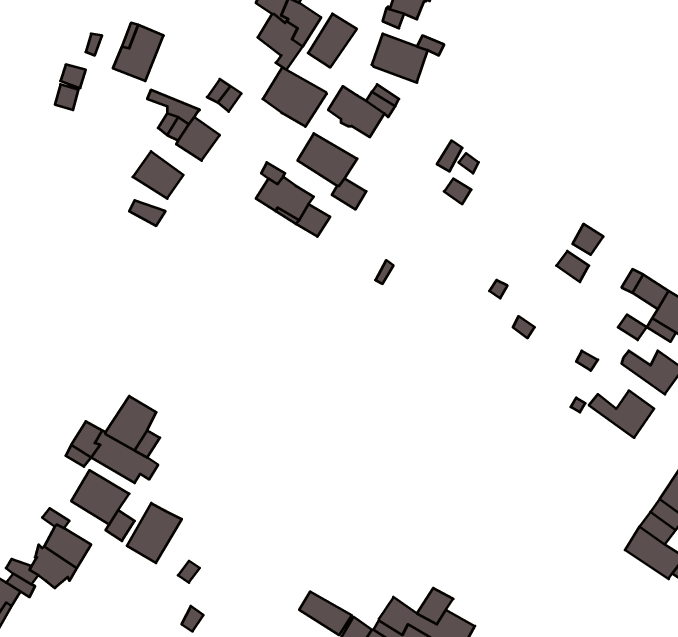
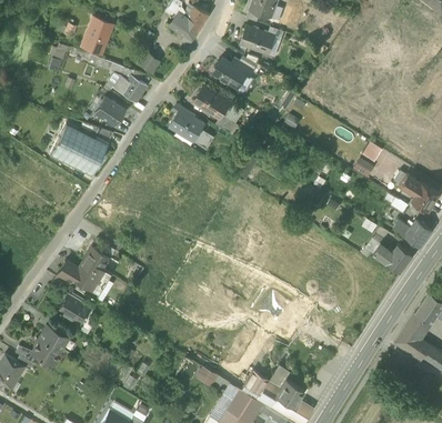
building: [308,14,357,67] -> none
building: [263,67,327,127] -> none
building: none -> [49,124,108,177]
building: [127,503,182,563] -> none

